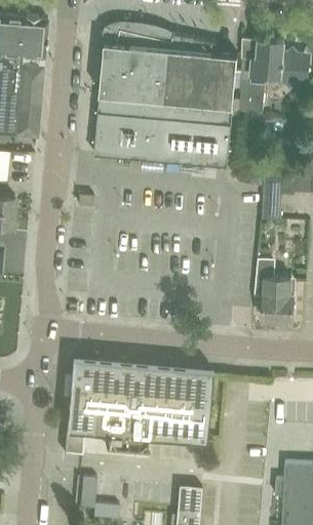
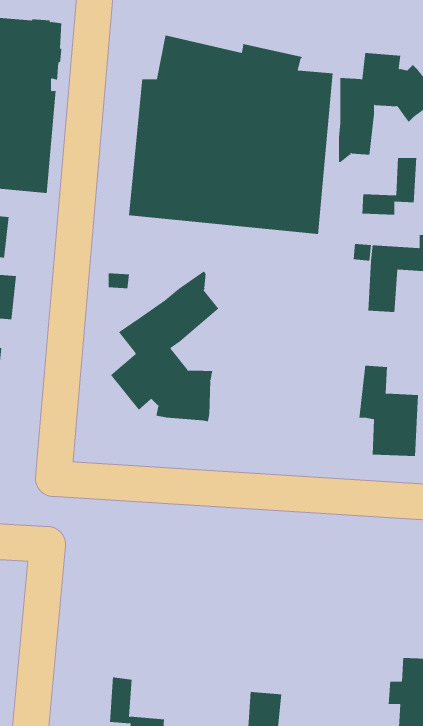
building: none -> [362,157,417,216]
building: none -> [110,271,219,422]
building: [64,357,212,455] -> none

